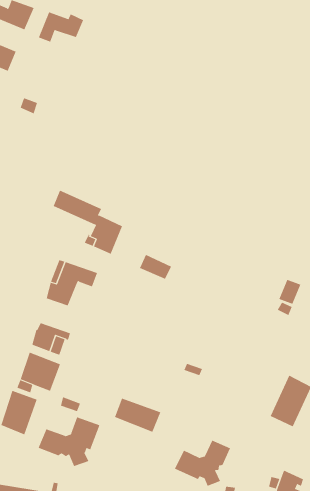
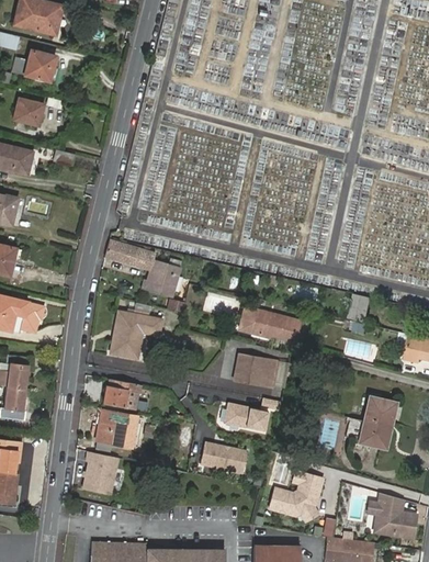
building: [38,11,84,42] -> none
building: none -> [238,306,302,342]
building: none -> [235,355,278,390]
building: none -> [225,402,270,431]
building: [38,417,100,467] -> none

